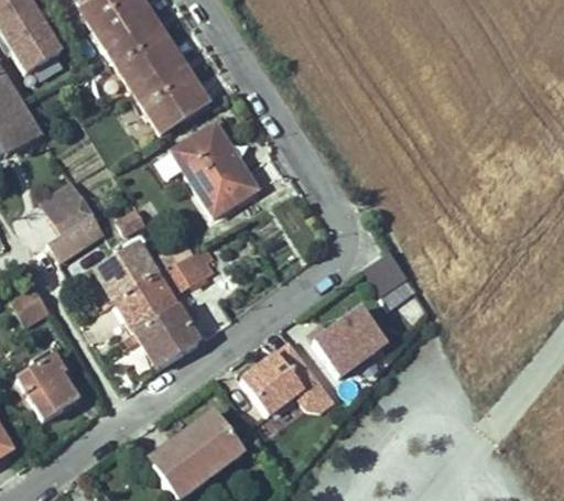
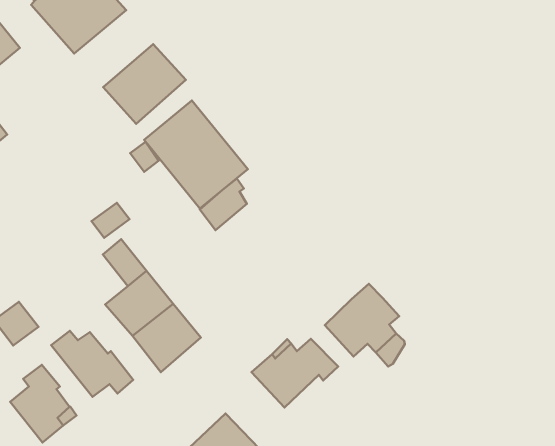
building: [113,30,187,98] -> none
building: [37,178,106,261] -> none
building: [169,244,213,290] -> [200,179,247,230]
building: [364,249,406,292] -> none
building: [96,252,138,298] -> none
building: none -> [51,331,133,397]

